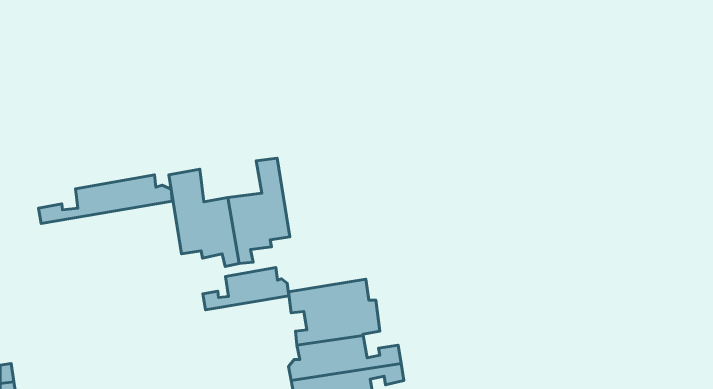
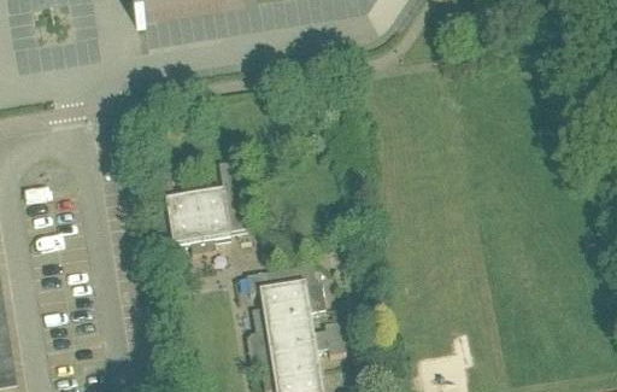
building: [38,175,172,224] -> none
building: [203,268,289,310] -> none

